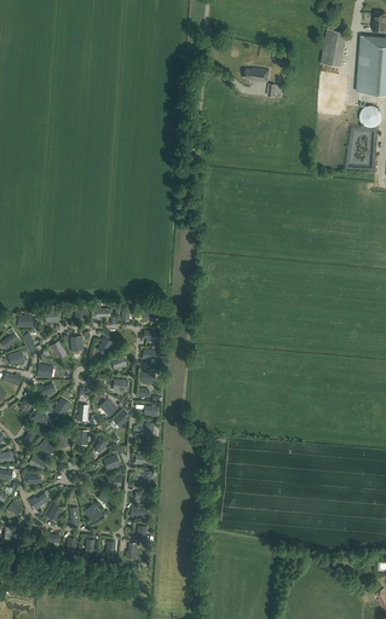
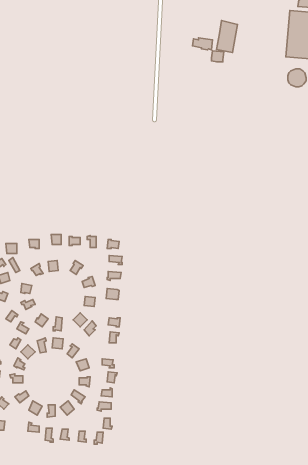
building: [321,28,346,66] -> [216,20,238,52]

